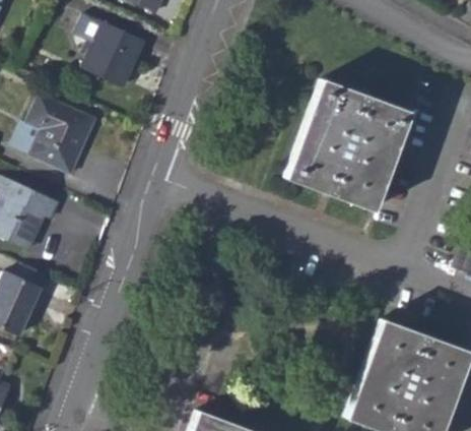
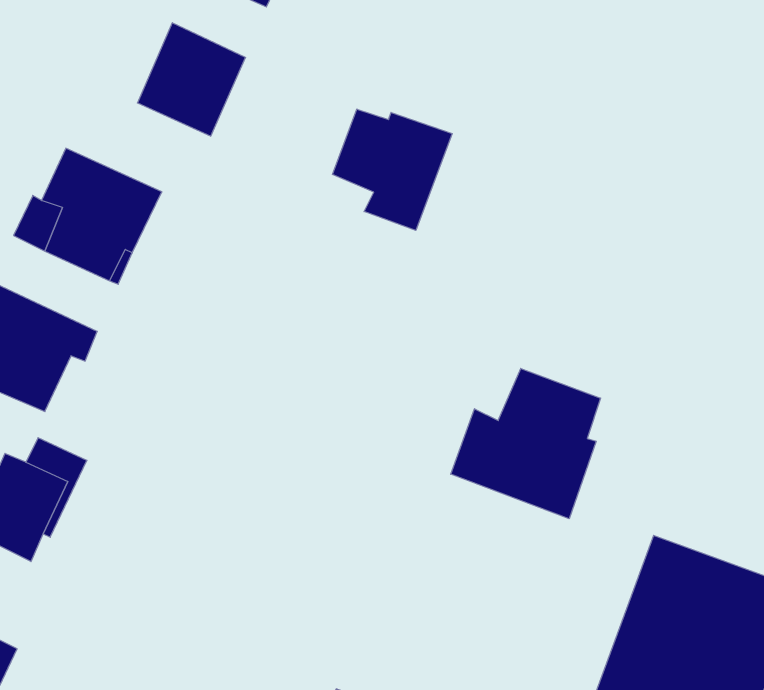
building: none -> [333,109,452,230]
building: [285,79,408,209] -> none
building: none -> [451,368,601,519]

